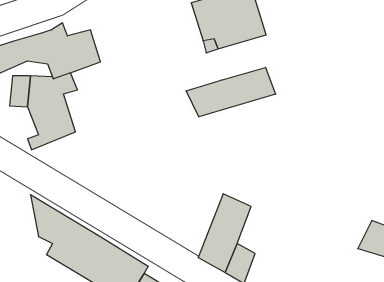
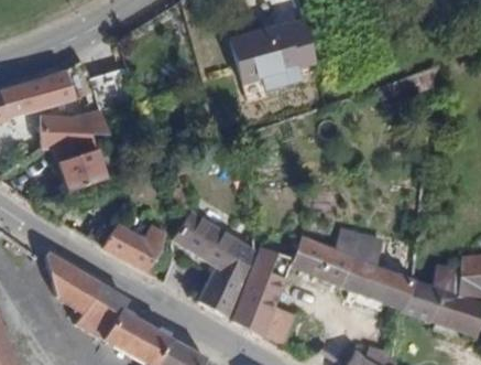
building: [186,67,276,117] -> none
building: none -> [168,211,249,320]
building: none -> [102,225,158,272]
building: none -> [289,229,423,311]

